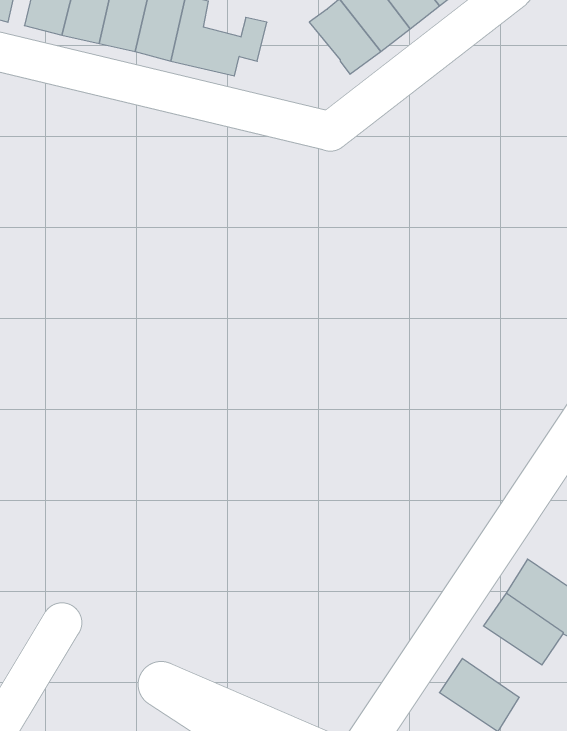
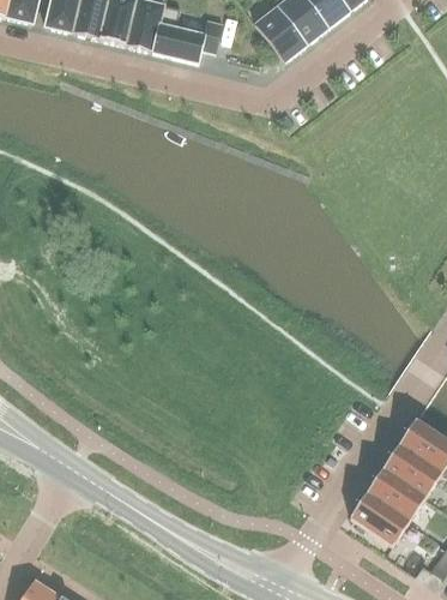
building: none -> [368,468,427,521]

